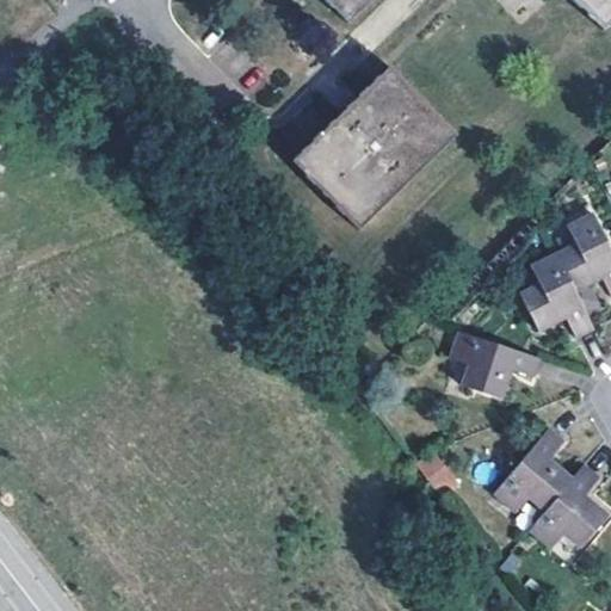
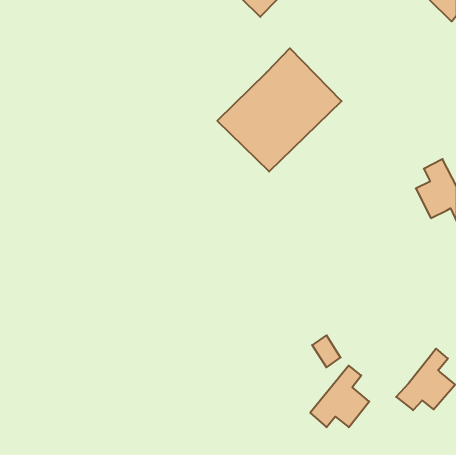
building: [520,252,594,335] -> none
building: [451,331,539,399] -> none
building: [495,430,574,512] -> [310,366,369,427]

